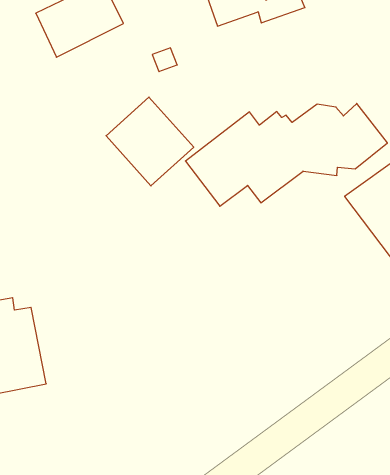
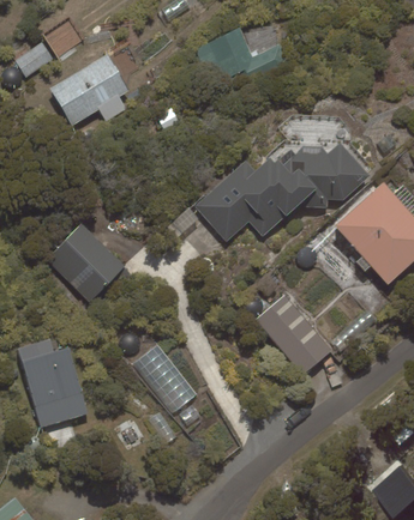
building: [106,97,194,186] -> [46,224,124,302]
building: none -> [253,295,332,376]
building: none -> [130,344,196,413]

